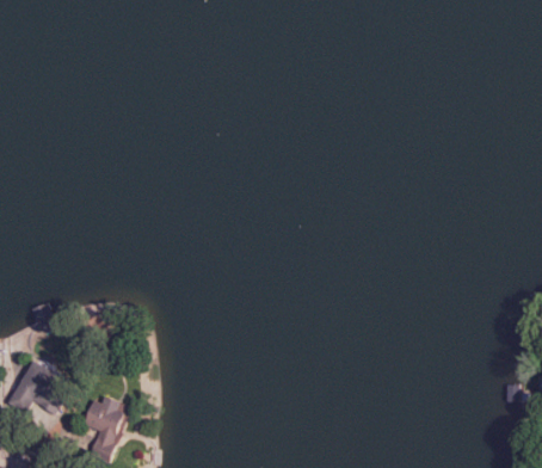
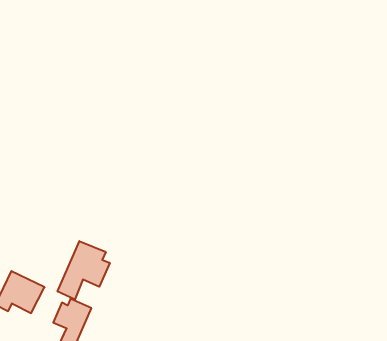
building: none -> [58,241,110,300]

